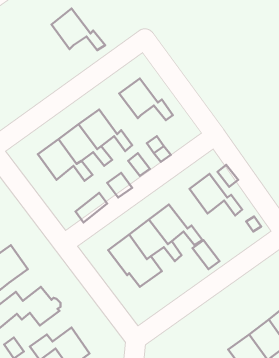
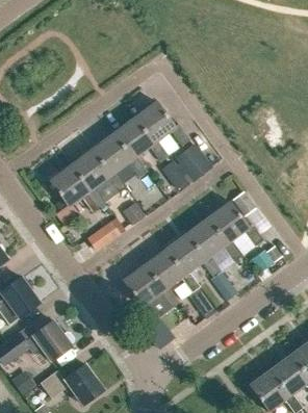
building: [52,9,105,50] -> [112,118,169,161]
building: none -> [175,144,213,182]
building: none -> [185,217,241,261]

